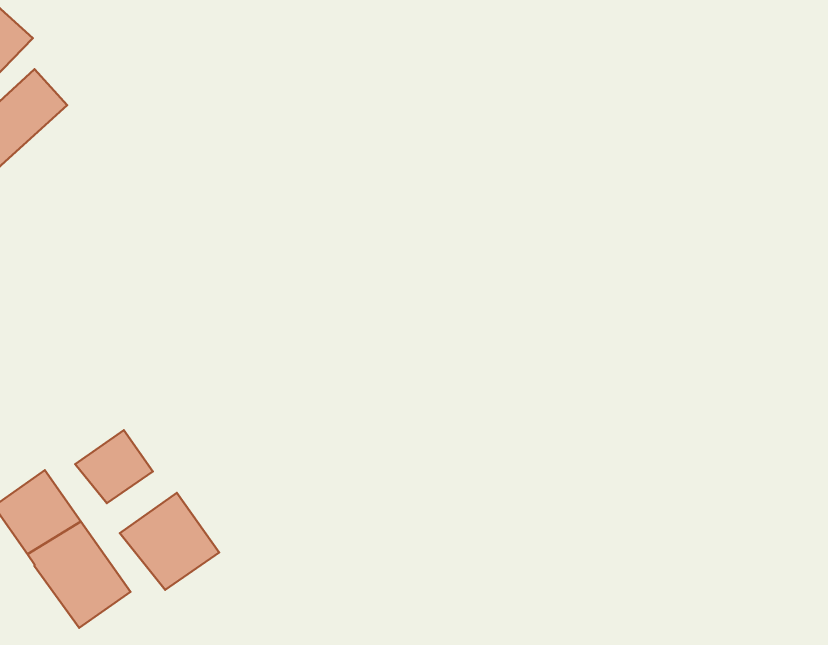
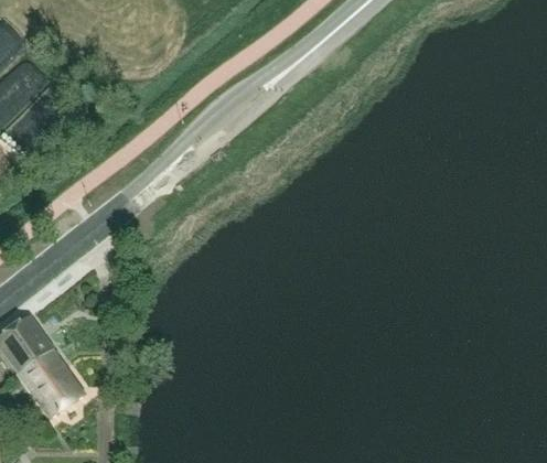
building: [75,430,153,503] -> none
building: [120,493,219,590] -> none

